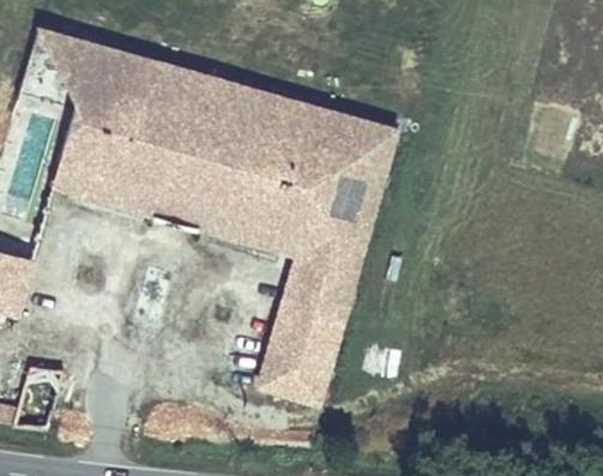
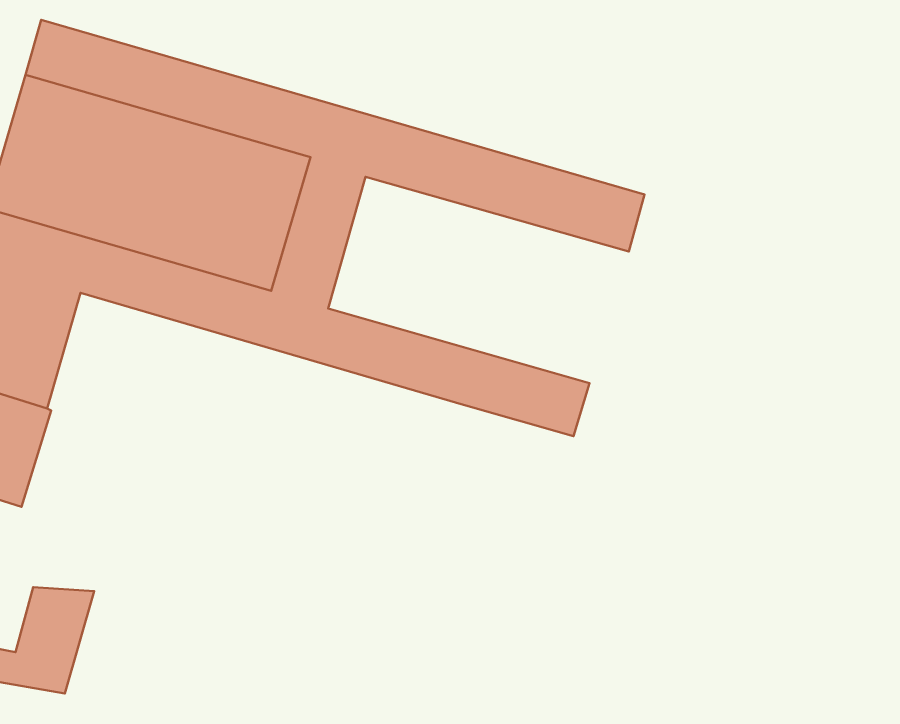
building: [206,119,390,245] -> none
building: [251,258,356,408] -> none

